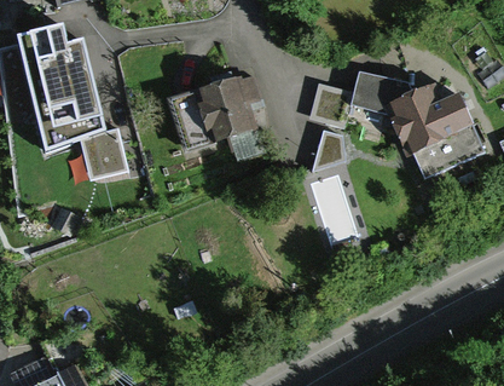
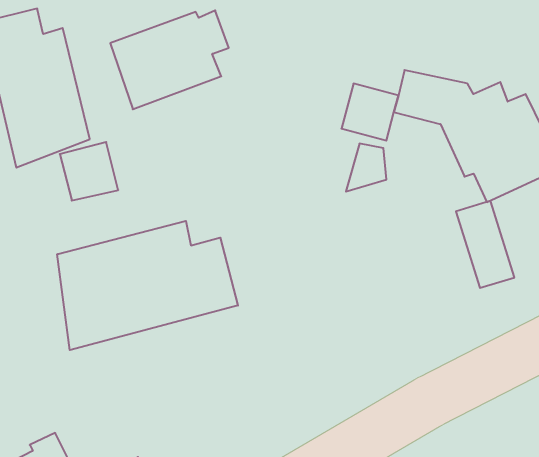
building: [168,75,263,155] -> [110,10,229,109]
building: [313,174,360,244] -> [456,201,514,288]
building: none -> [57,221,238,350]

